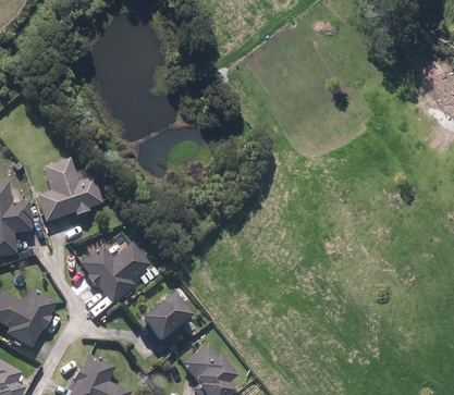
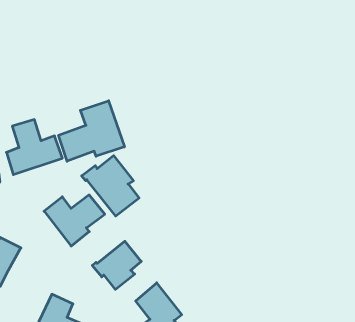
building: none -> [59,101,124,161]
building: none -> [82,156,139,216]

